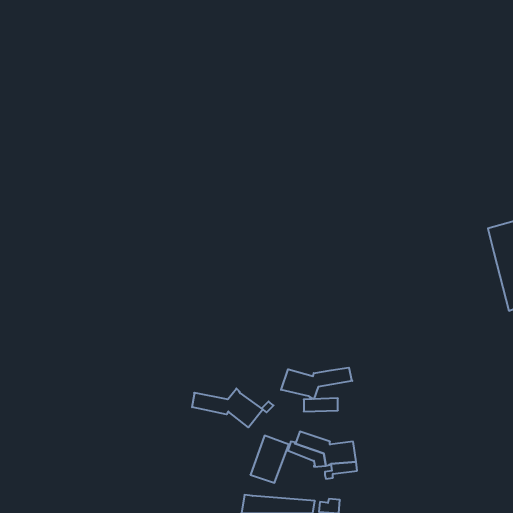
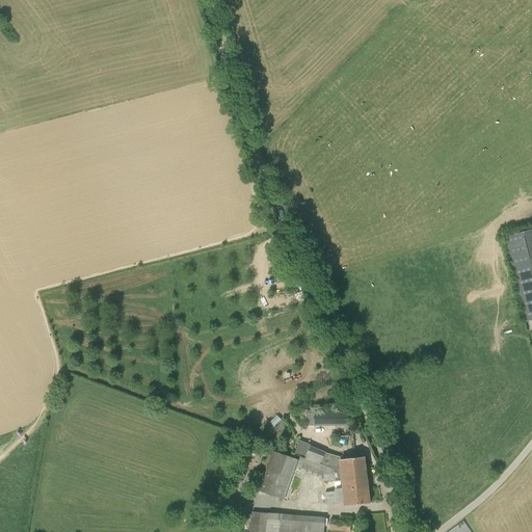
building: [281,368,352,399] -> none
building: [192,388,263,427] -> none
building: none -> [326,486,371,505]

